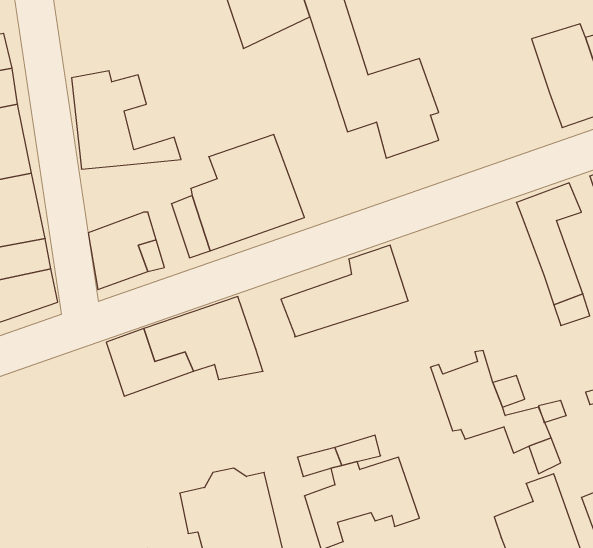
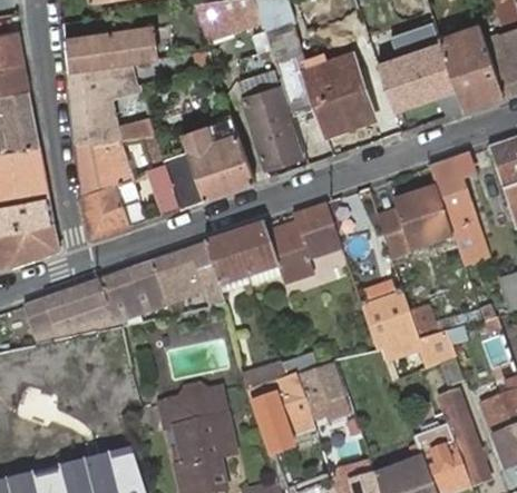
building: none -> [387,20,455,108]
building: none -> [66,22,159,69]
building: none -> [246,86,300,166]
building: none -> [78,139,128,194]
building: none -> [373,180,450,249]
building: none -> [204,235,250,287]
building: none -> [22,282,114,345]

